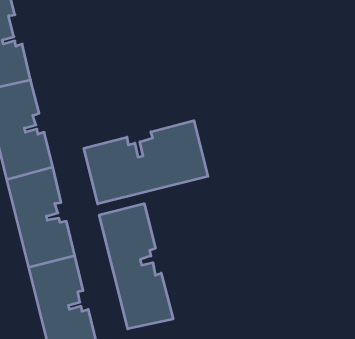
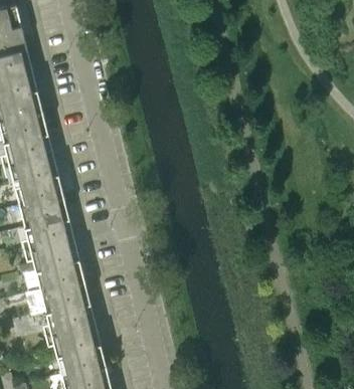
building: [84,121,208,204] -> none
building: [99,204,173,329] -> none

